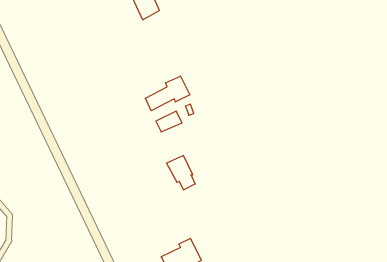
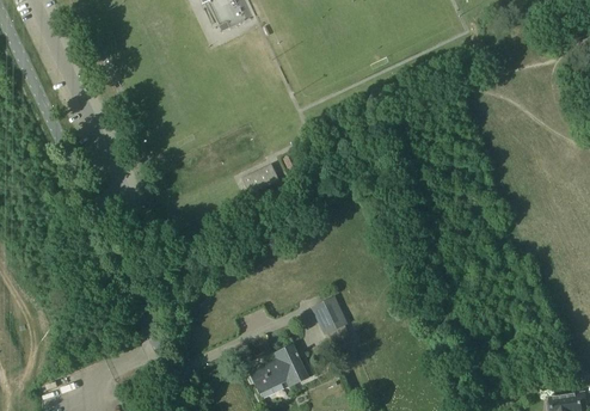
building: [146,76,190,111] -> none
building: [167,155,195,190] -> [311,295,351,344]

